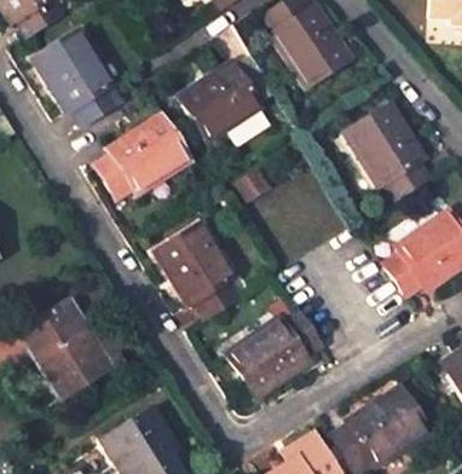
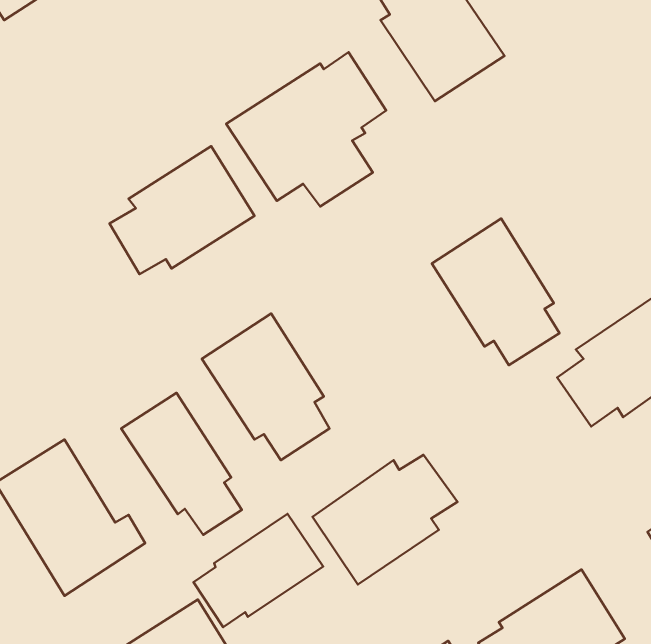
building: [34,28,116,122] -> none
building: [345,102,427,196] -> [432,218,560,365]
building: none -> [121,393,242,535]
building: none -> [194,514,323,627]

